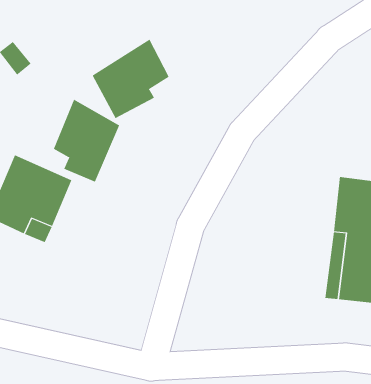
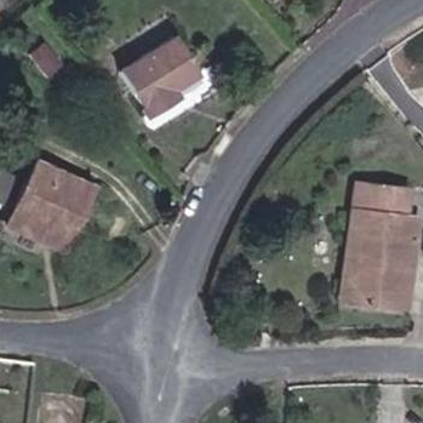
building: [53,99,120,182] -> none

